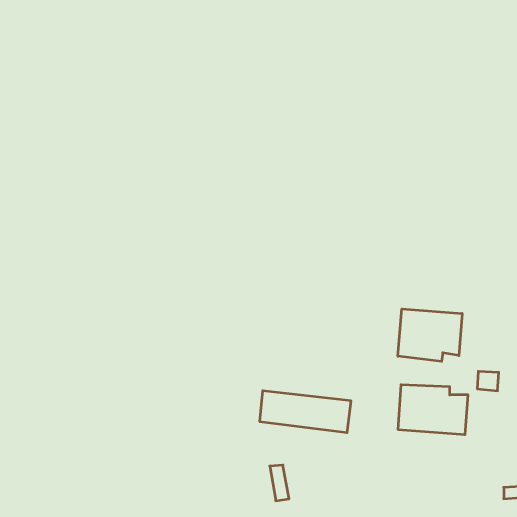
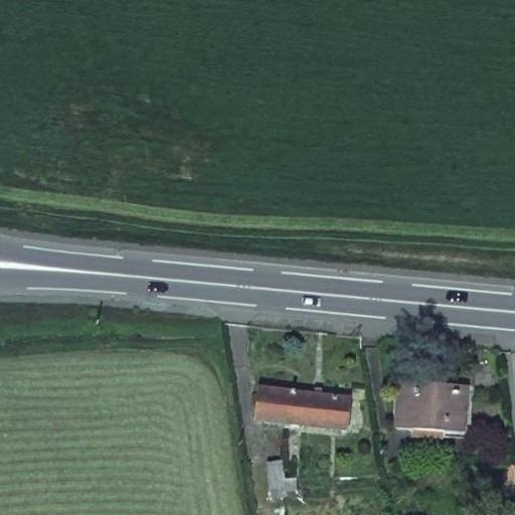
building: [398,309,462,361] -> none

